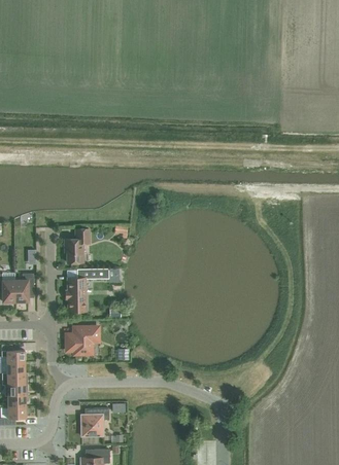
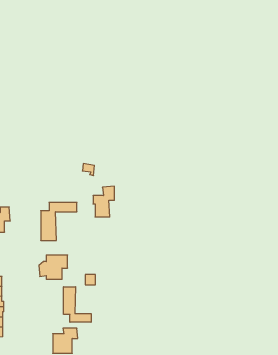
building: [64,228,88,262] -> [93,186,114,217]
building: none -> [64,287,91,322]

